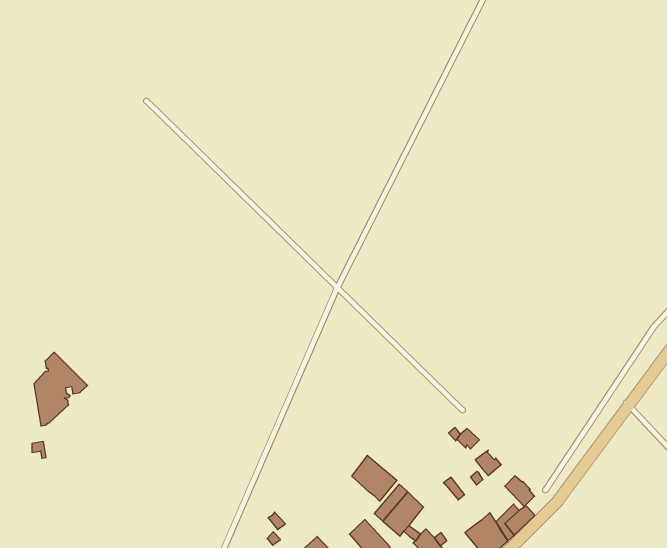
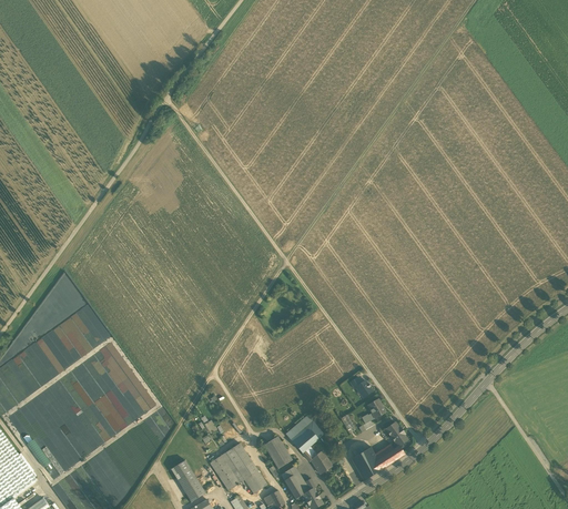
building: [352,455,397,501] -> none

